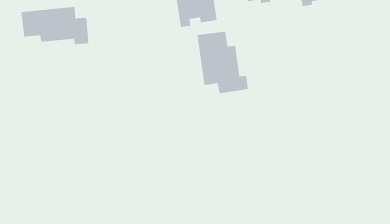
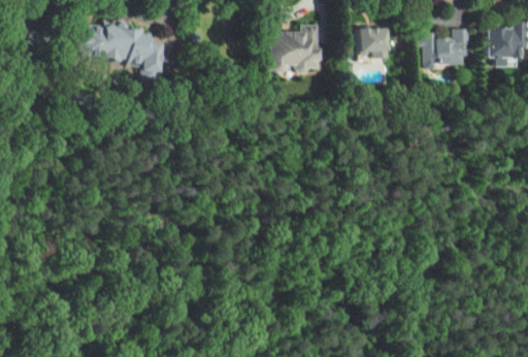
building: [197,31,249,94] -> none

